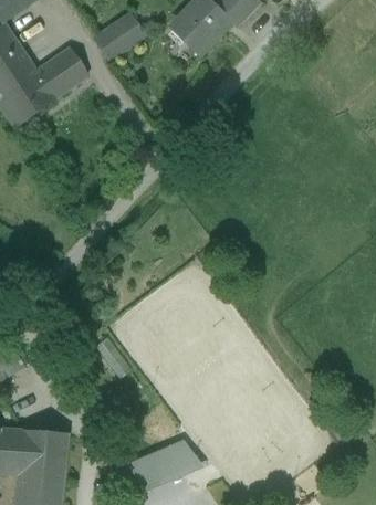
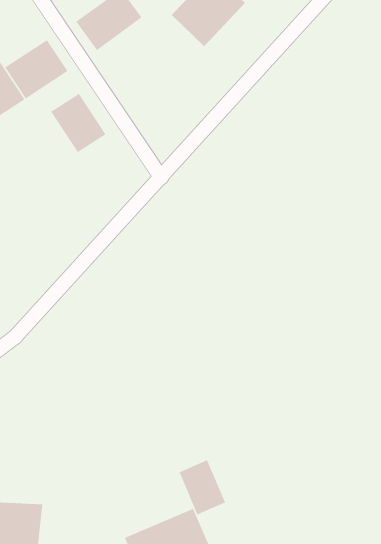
building: none -> [50,93,106,153]
building: none -> [178,459,226,515]

